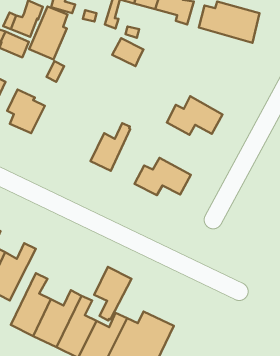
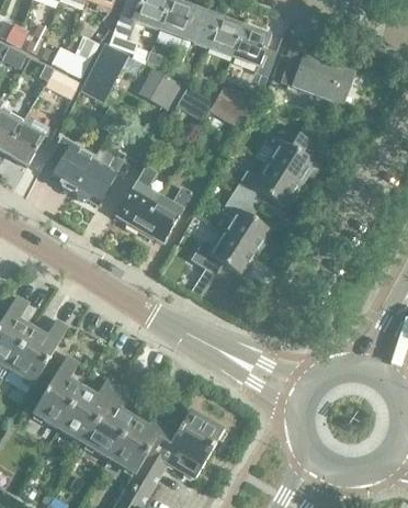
building: none -> [138,67,181,110]
building: none -> [208,87,260,128]
building: none -> [256,121,320,185]
building: none -> [75,154,124,204]
building: none -> [117,165,160,228]
building: none -> [222,190,272,253]
building: [94,267,132,321] -> none

